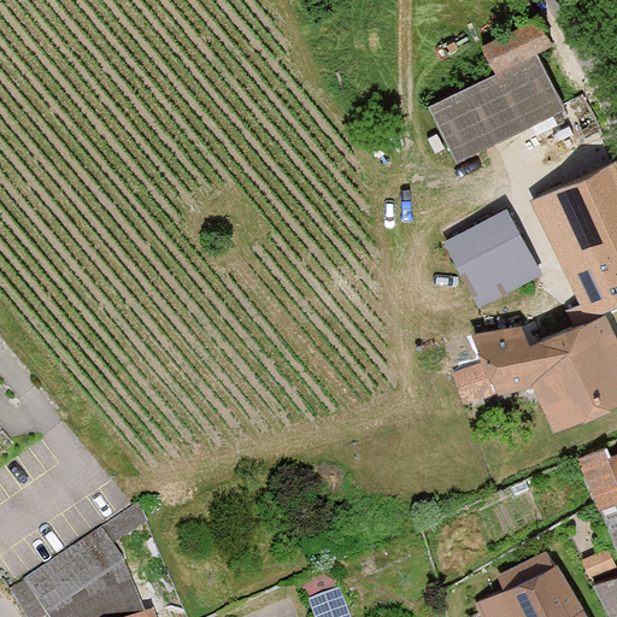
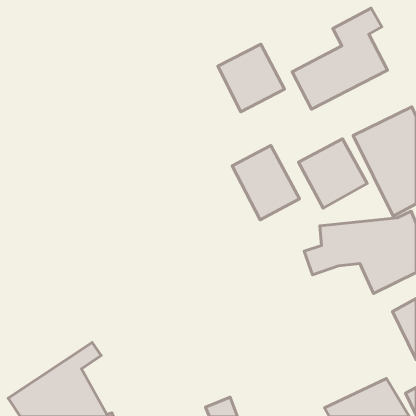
building: none -> [218,44,284,112]
building: none -> [232,146,299,220]

